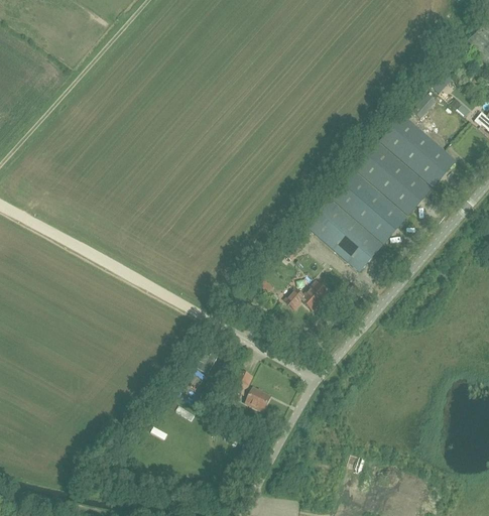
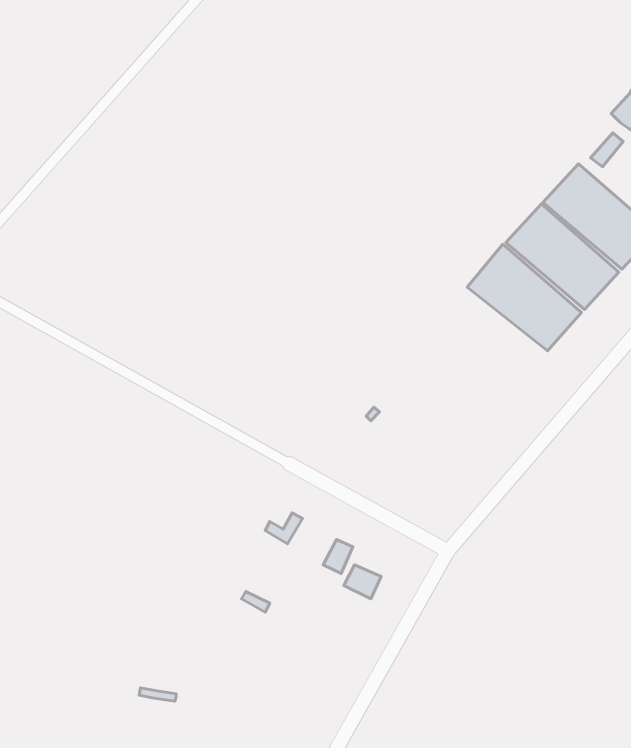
building: [304,201,382,270] -> none
building: [284,280,328,310] -> none

